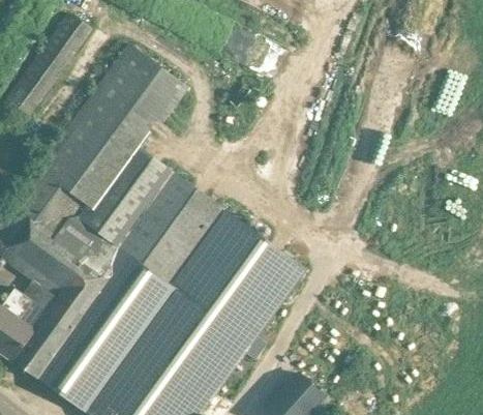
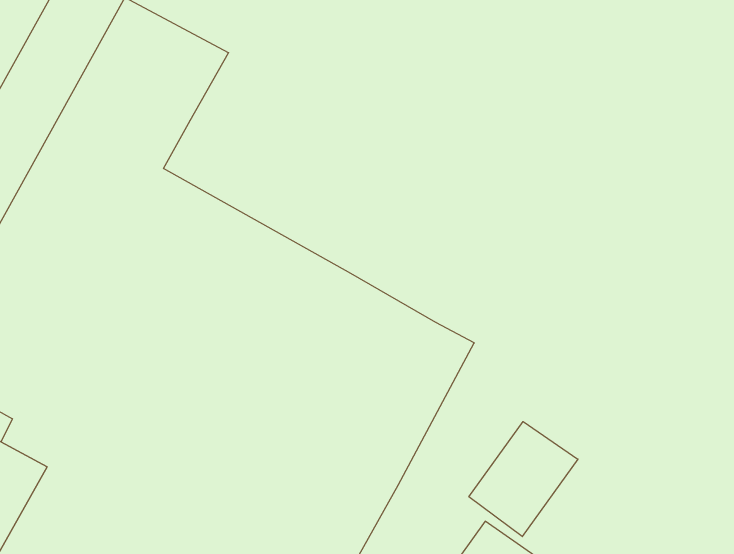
building: none -> [469,422,578,537]

